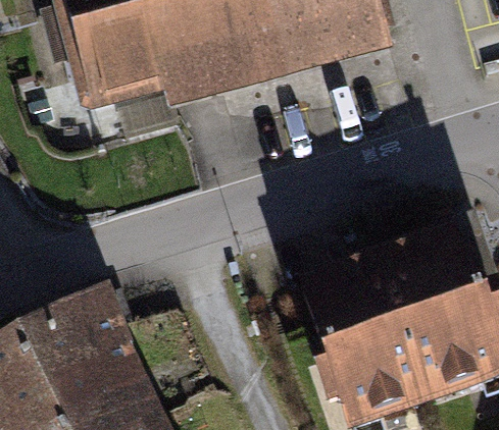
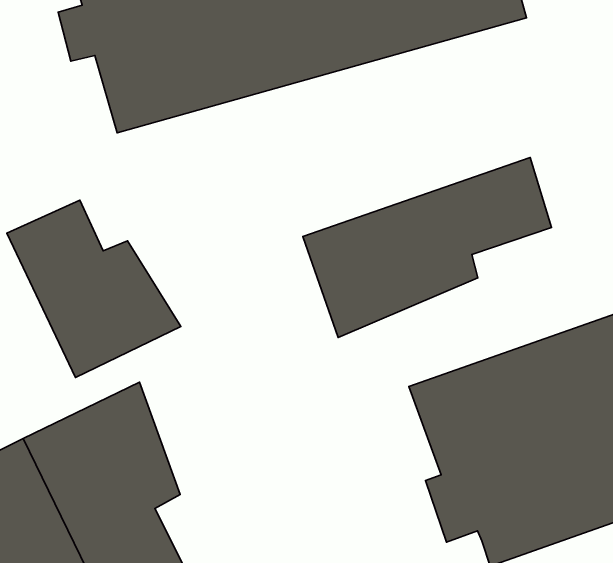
building: none -> [303,157,551,337]
building: none -> [7,200,181,377]

